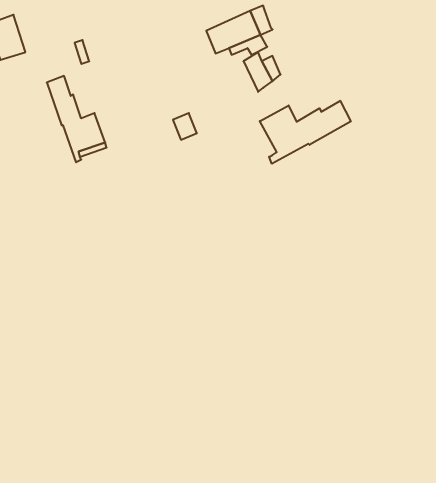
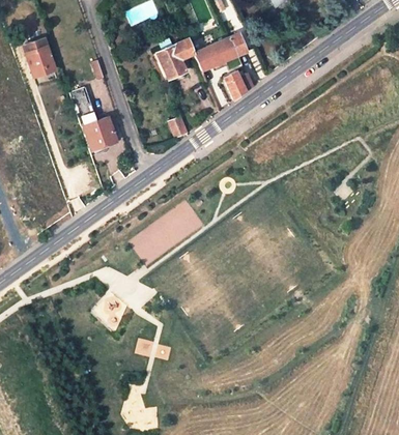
building: none -> [156,38,195,79]
building: [260,101,351,164] -> none

